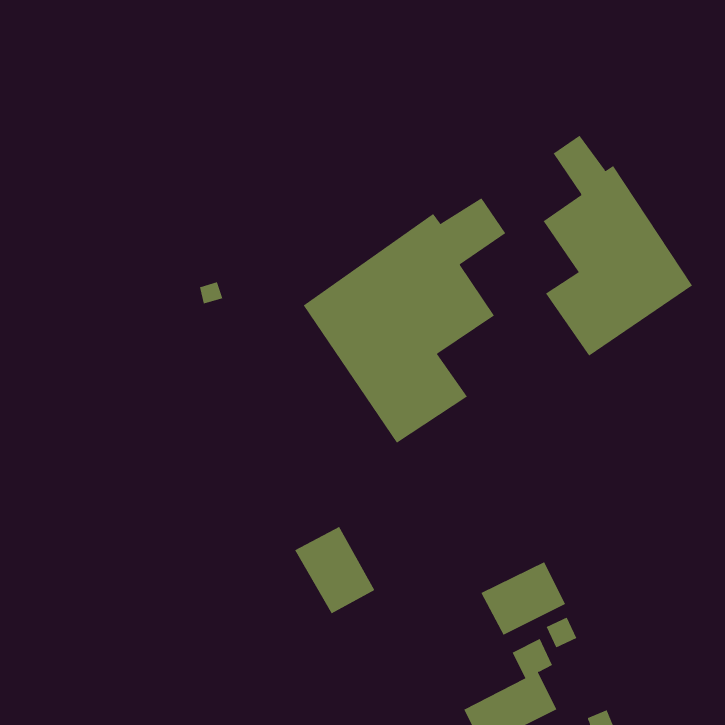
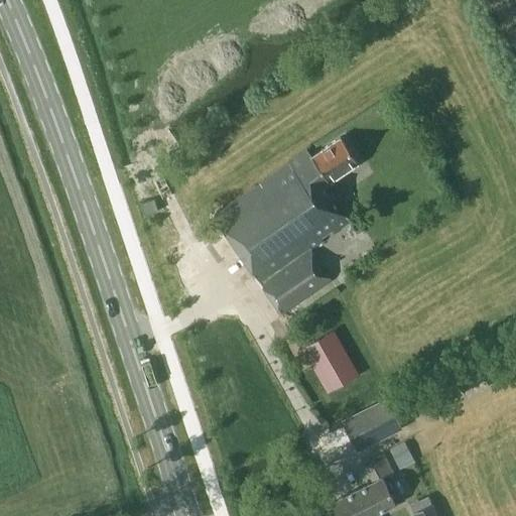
building: [543,135,693,356] -> none
building: [294,526,375,614] -> [302,331,360,393]

